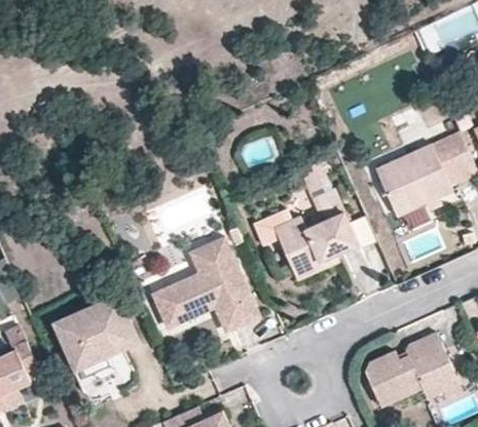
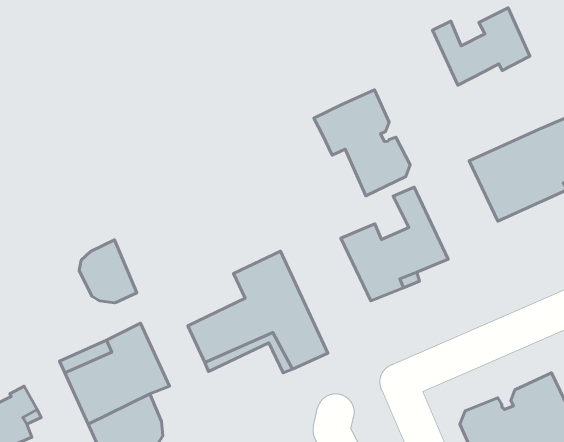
building: none -> [432,8,530,85]
building: none -> [314,90,410,196]
building: none -> [79,240,137,303]

